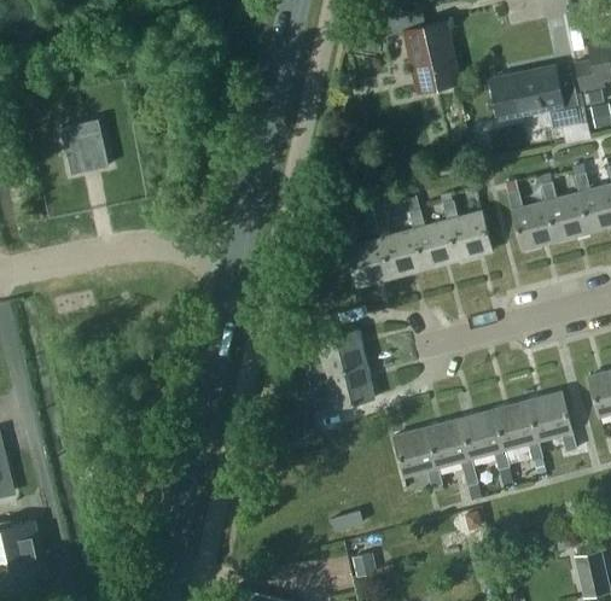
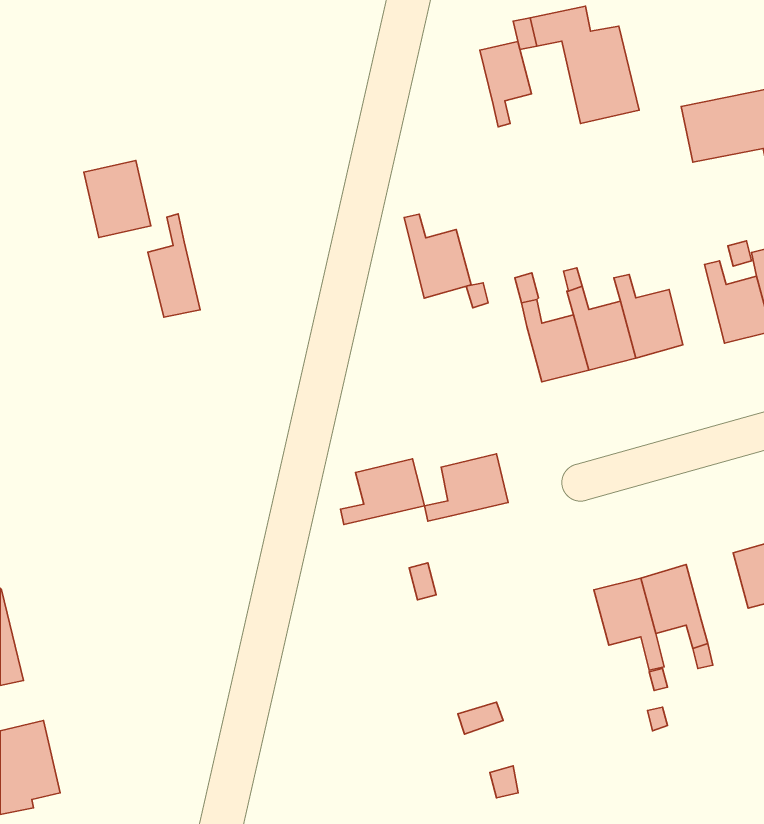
building: none -> [480,42,532,127]
building: none -> [148,214,200,317]
building: [342,227,390,287] -> [404,214,471,298]
building: [314,364,374,412] -> [340,459,424,524]
building: [494,401,543,460] -> none
building: [392,427,442,486] -> none

